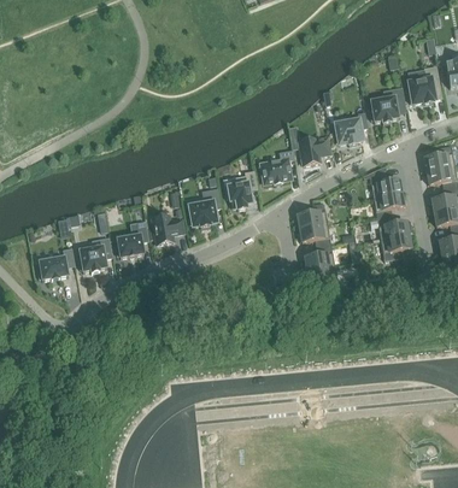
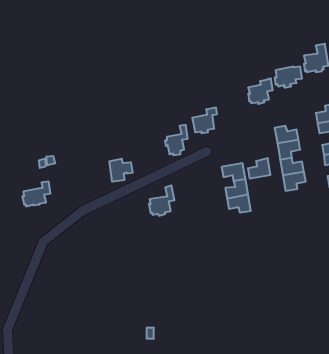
building: [299,135,330,163] -> none
building: [188,186,222,225] -> [149,186,174,216]
building: [298,200,328,227] -> [248,158,271,178]
building: [116,219,149,255] -> none
building: [78,236,112,271] -> none

